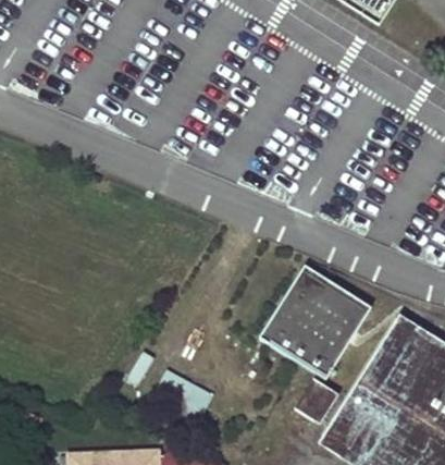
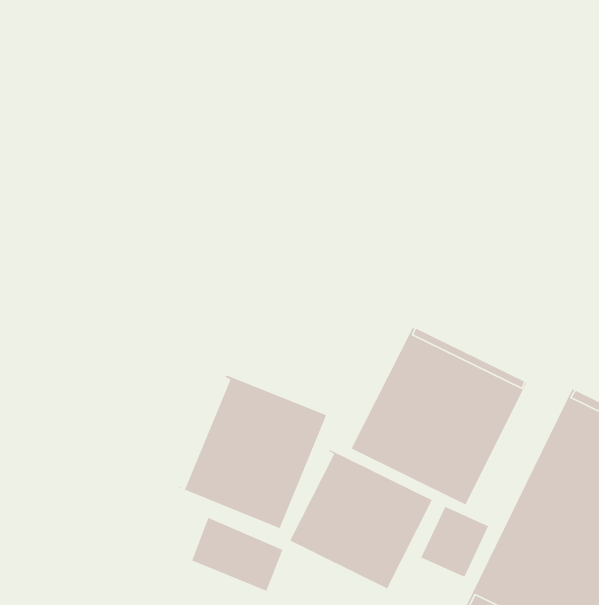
building: none -> [178,375,327,529]
building: none -> [284,449,433,590]

